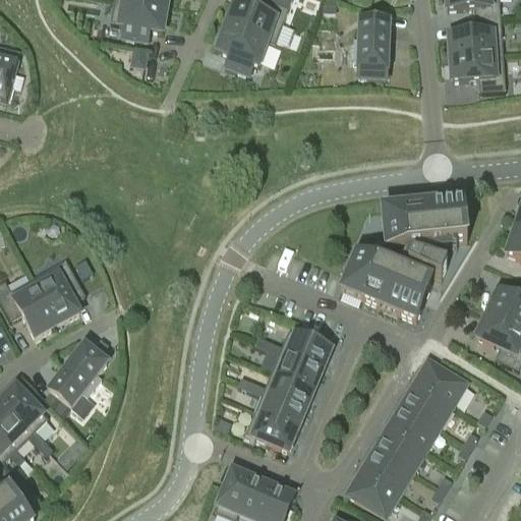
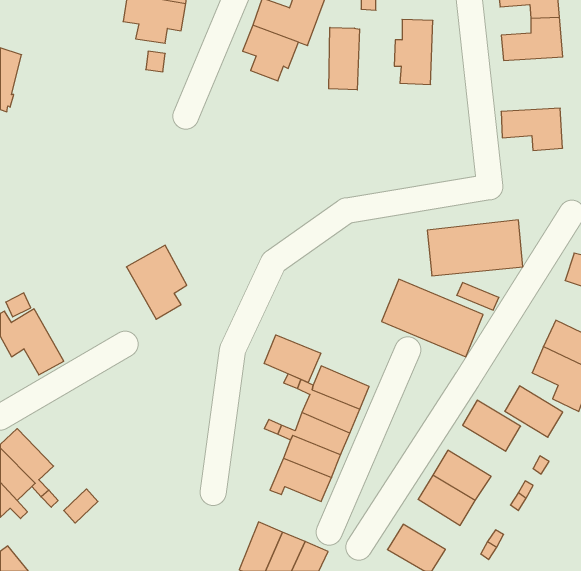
building: none -> [329,27,360,90]
building: [451,51,506,89] -> [501,108,563,150]
building: [32,256,85,323] -> [126,245,187,319]
building: none -> [264,335,321,382]
building: [50,336,109,411] -> none
building: [401,380,453,425] -> [505,386,563,437]
building: [361,446,412,490] -> none

